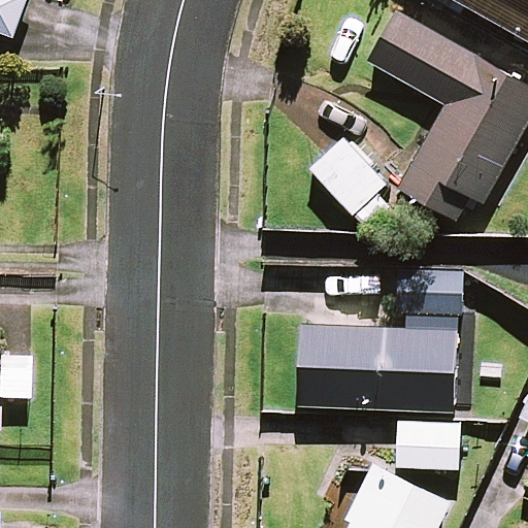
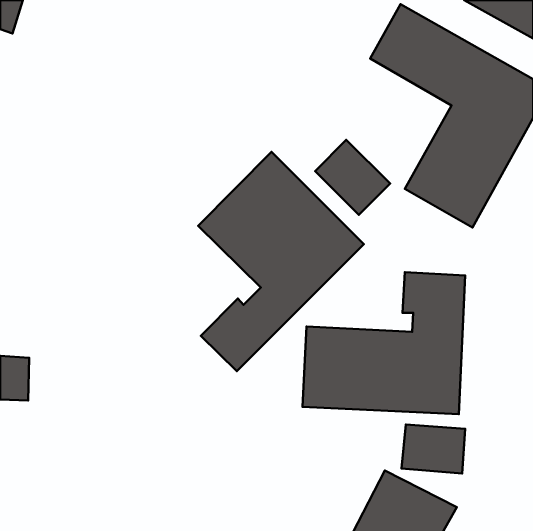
building: none -> [198,152,364,371]

